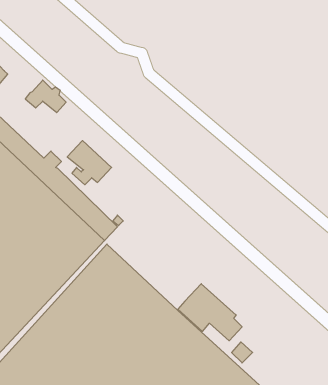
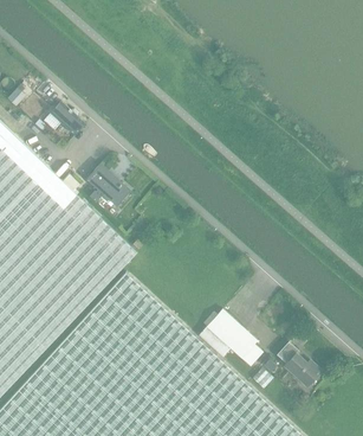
building: none -> [277,344,320,386]

